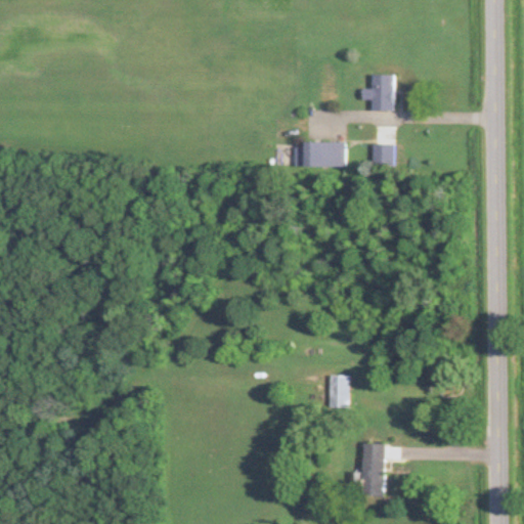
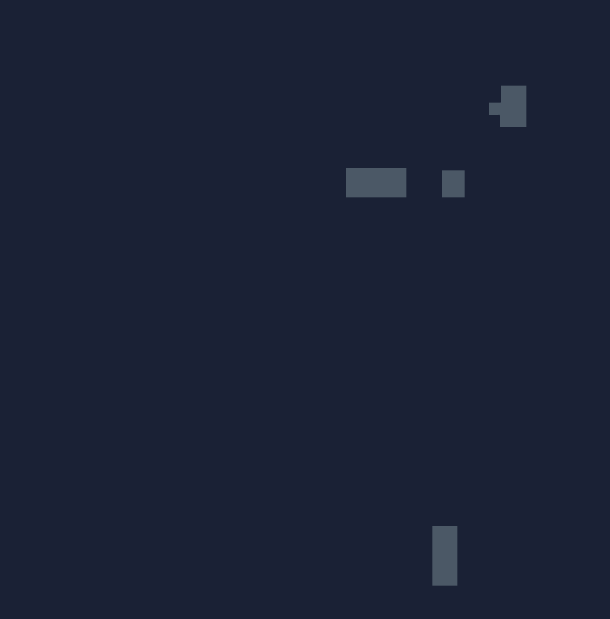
building: [361,74,394,110] -> [488,85,527,128]
building: [328,374,347,407] -> none

